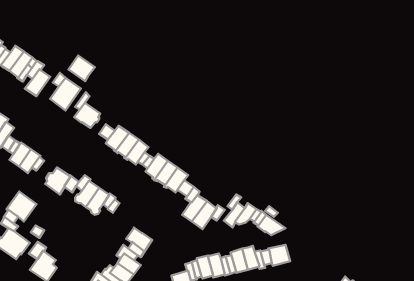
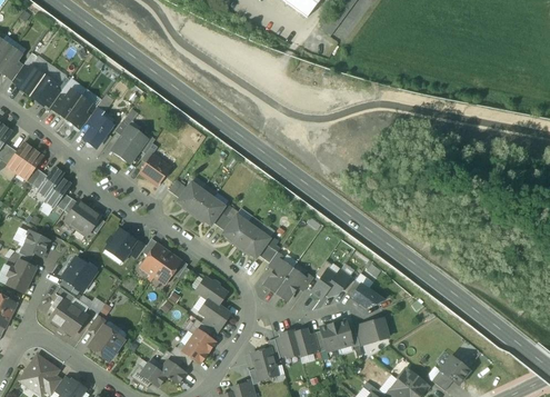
building: [68,56,95,81] -> none
building: none -> [197,277,227,305]

